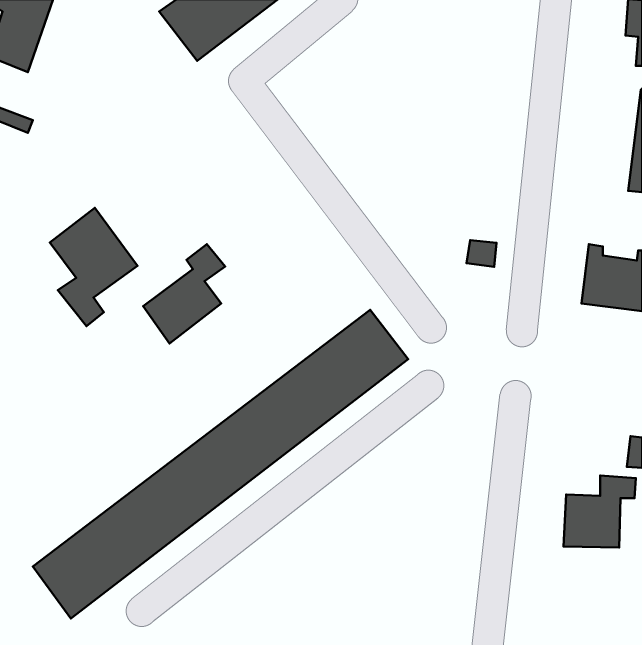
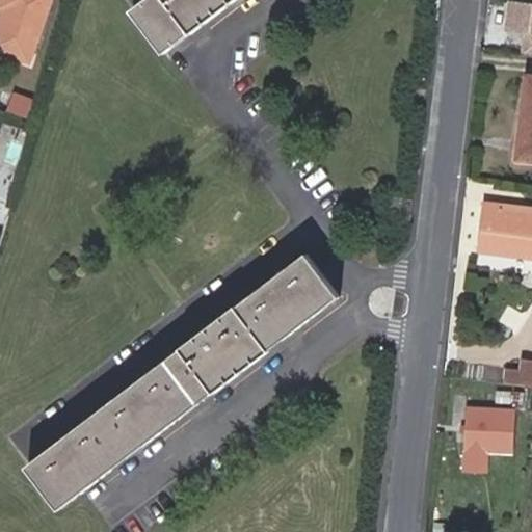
building: [50,208,137,326] -> none
building: [143,244,225,343] -> none

